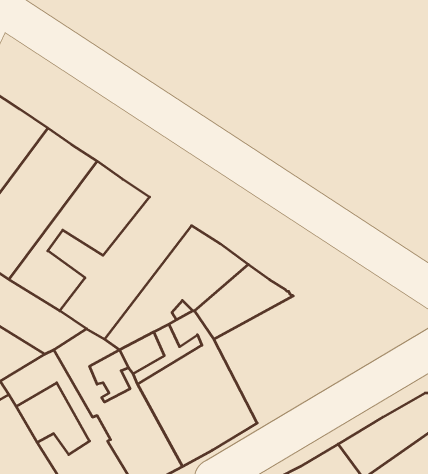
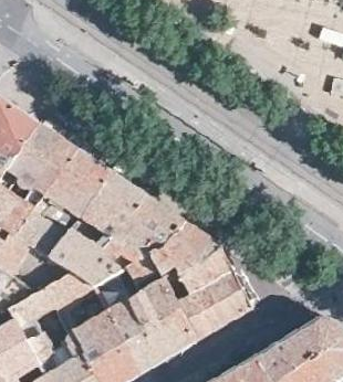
building: none -> [49,173,146,278]
building: none -> [163,246,251,340]

